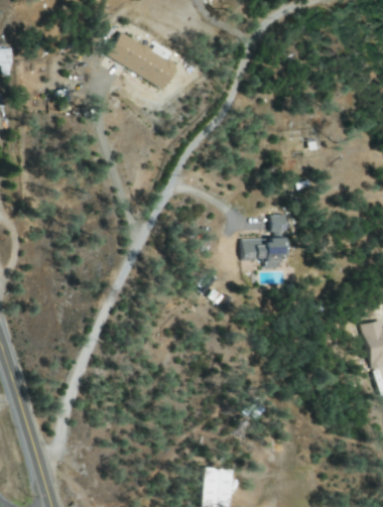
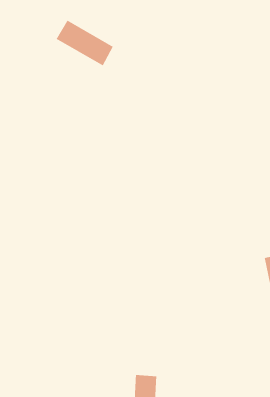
building: [243,215,289,268] -> none

